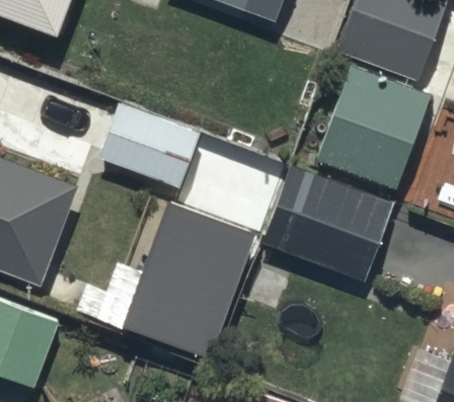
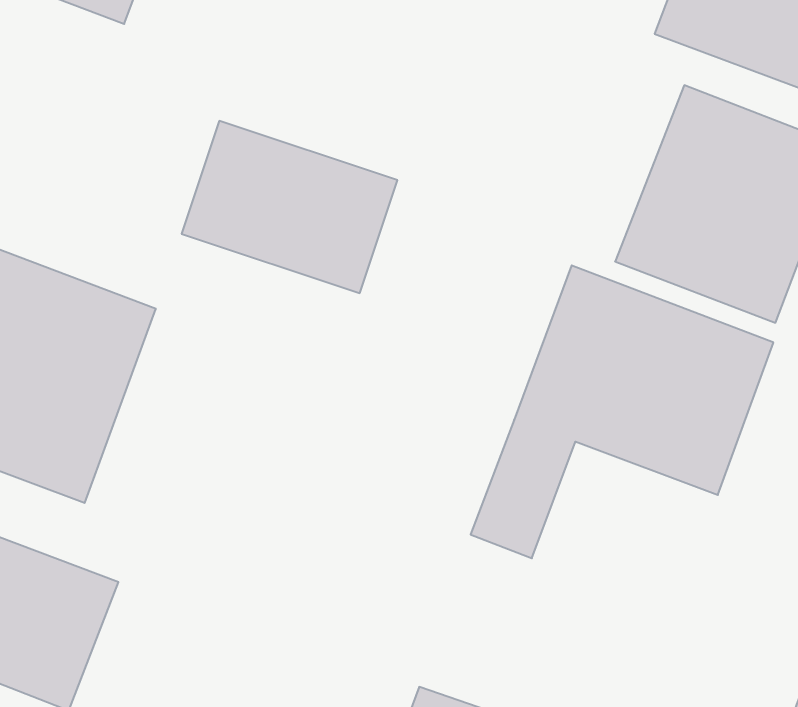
building: [117,187,248,338] -> none

